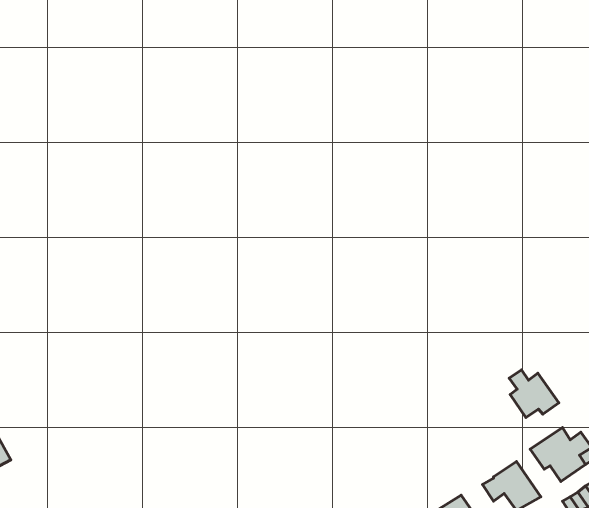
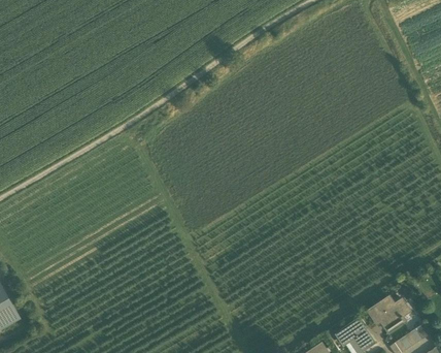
building: [509,370,559,418] -> none

